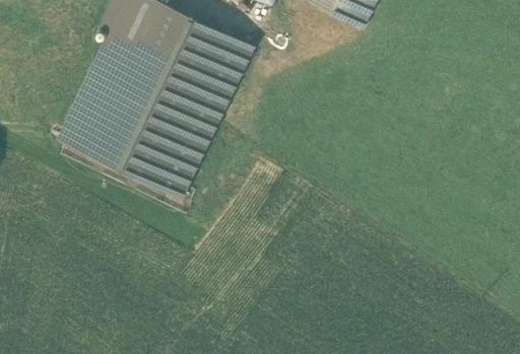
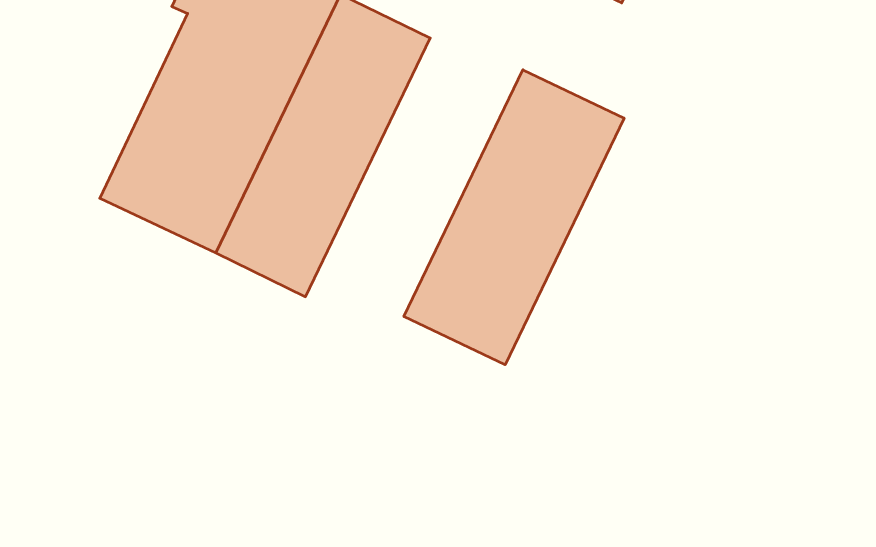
building: none -> [404,70,624,365]

